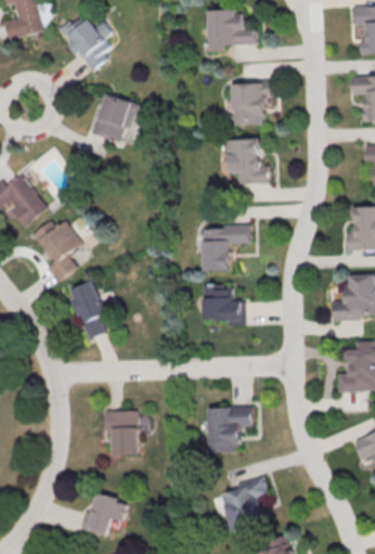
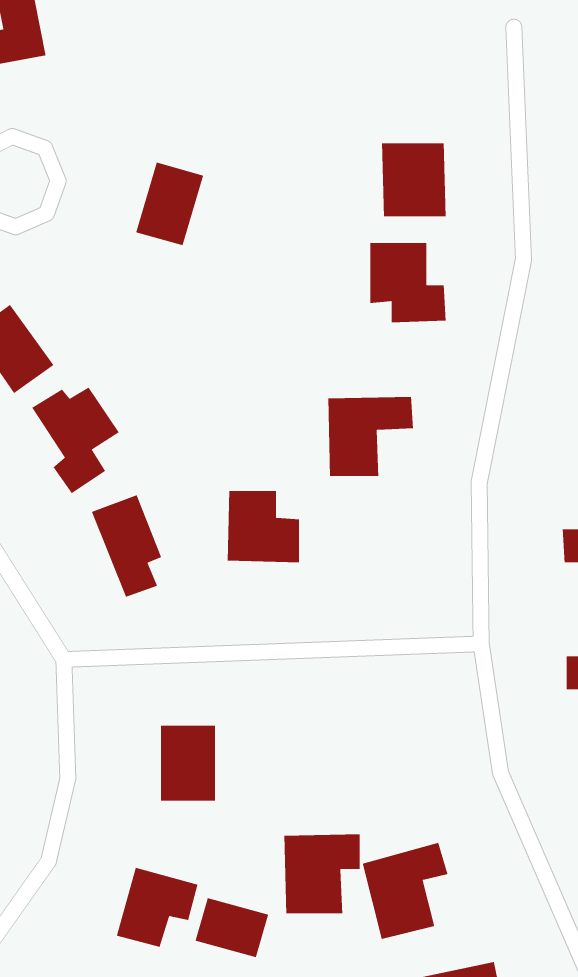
building: [206,10,255,51] -> none
building: [64,18,114,69] -> none
building: [202,284,243,325] -> [227,490,300,563]
building: [208,407,251,452] -> [284,833,361,914]
building: none -> [194,897,269,958]

